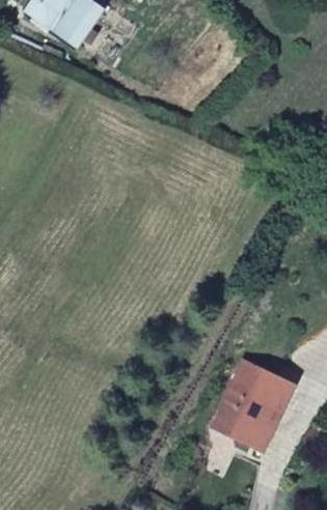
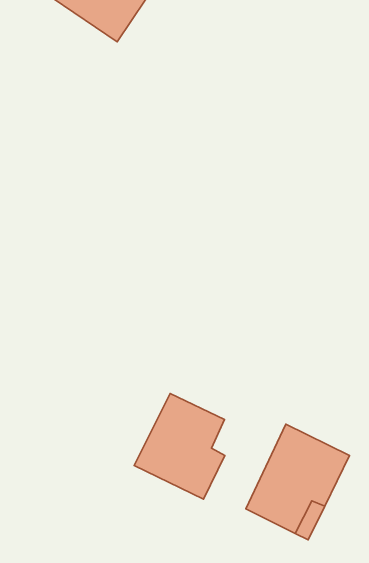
building: none -> [134,393,225,499]

